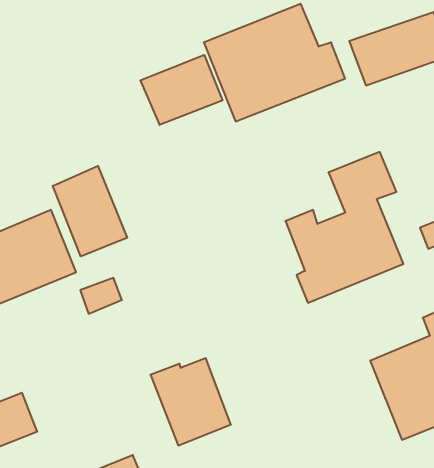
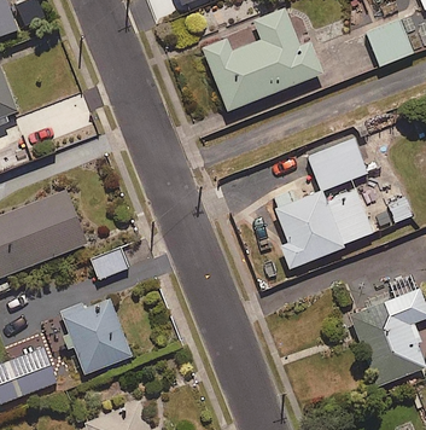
building: [140,55,222,125] -> none
building: [53,166,127,256] -> none
building: [150,358,231,445] -> [60,298,130,374]

